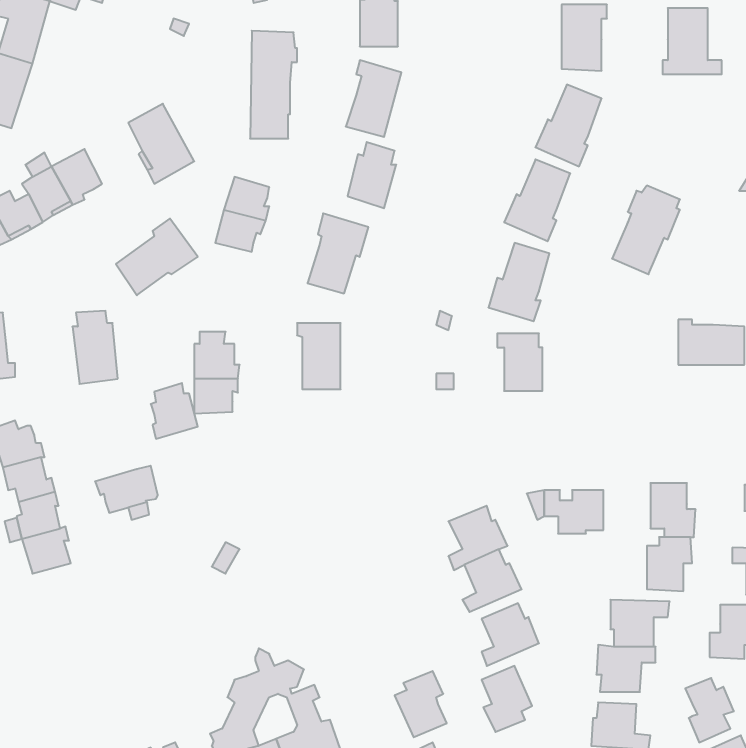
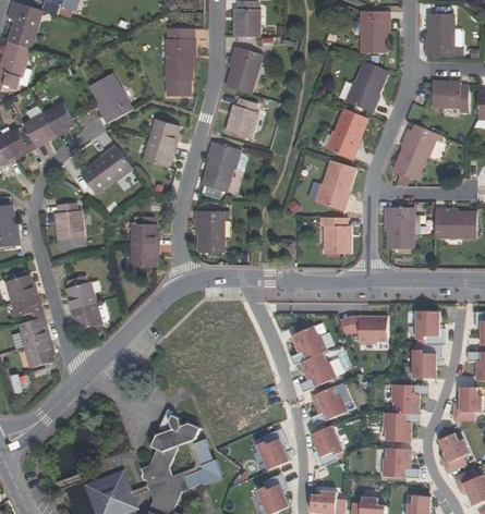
building: none -> [432,81,468,111]
building: none -> [384,207,413,248]
building: [151,383,198,439] -> [65,274,95,309]

